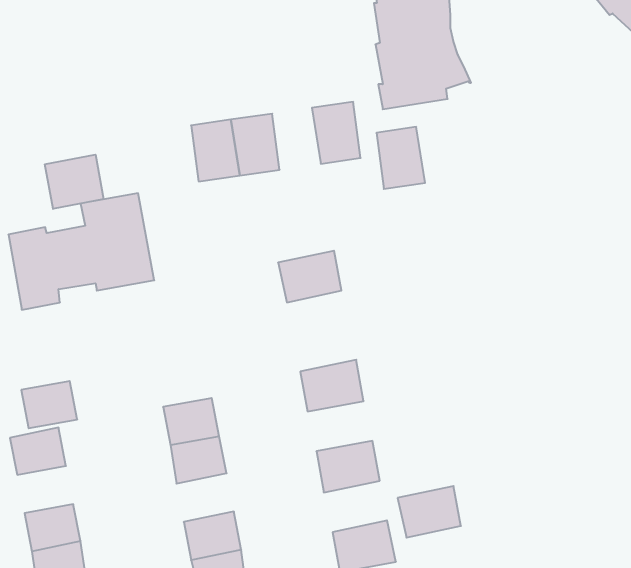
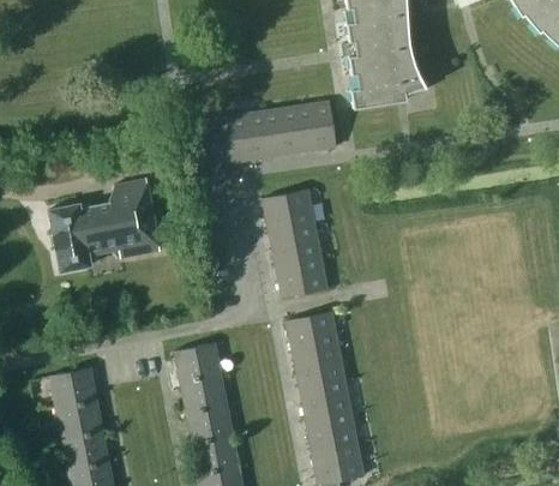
building: [376,127,425,189] -> [264,107,303,157]
building: [45,155,104,209] -> none
building: none -> [263,191,314,233]
building: none -> [276,256,327,298]
building: [21,381,77,428] -> [56,398,102,437]
building: none -> [293,346,345,386]
building: none -> [186,404,233,444]
building: [398,486,461,538] -> [306,410,357,452]

